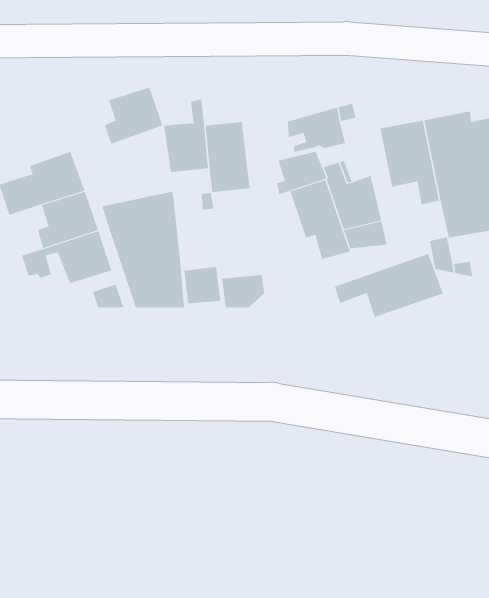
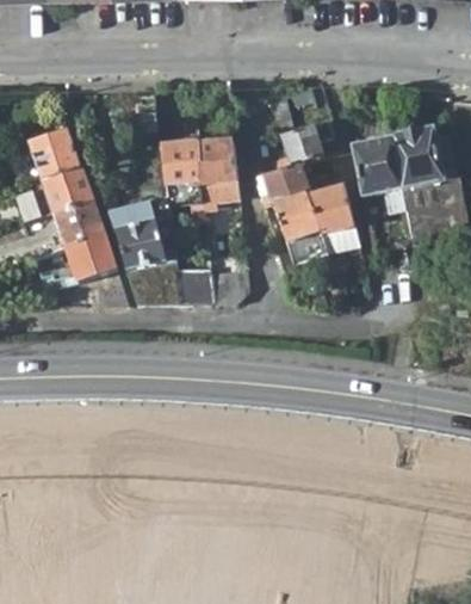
building: [104,87,163,144] -> [26,129,79,180]
building: [334,253,444,318] -> none

